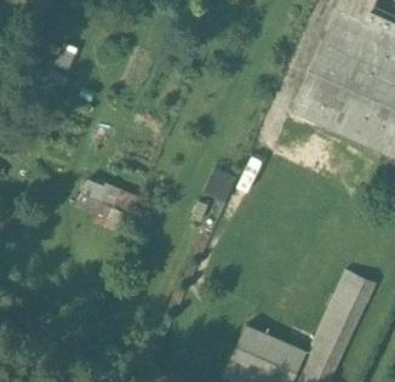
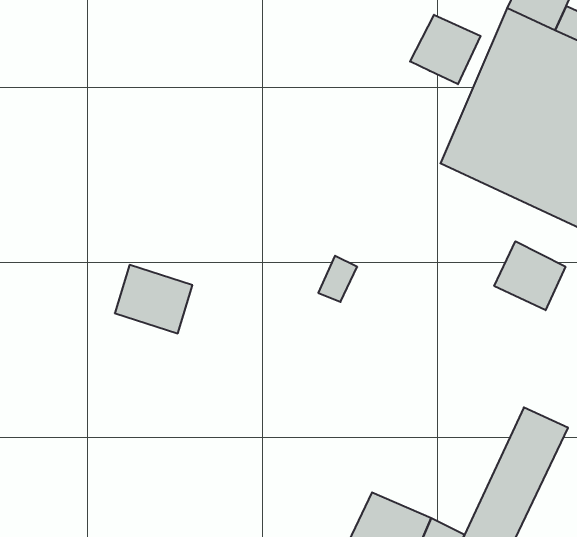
building: none -> [410,15,481,84]
building: none -> [494,241,565,310]

